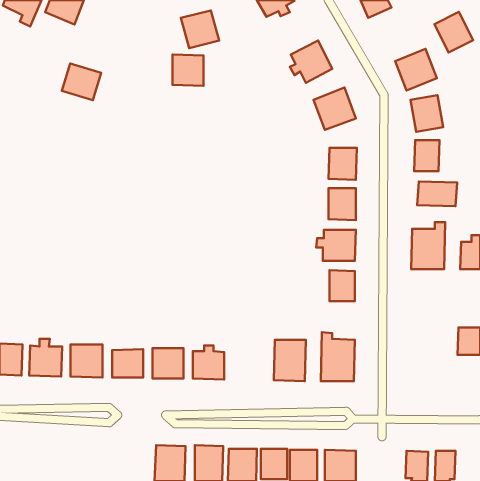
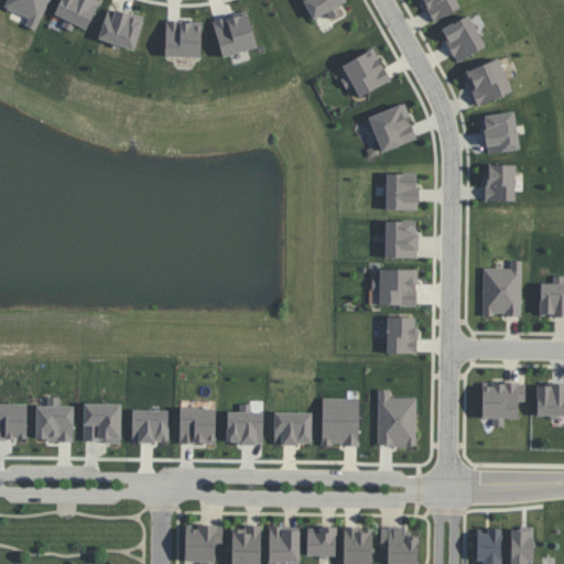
building: [434,12,473,52] -> [440,14,485,62]
building: [173,55,204,86] -> [164,21,200,57]
building: [62,63,101,100] -> [97,7,143,50]
building: [417,181,457,206] -> none
building: none -> [481,383,524,426]
building: none -> [273,411,311,444]

